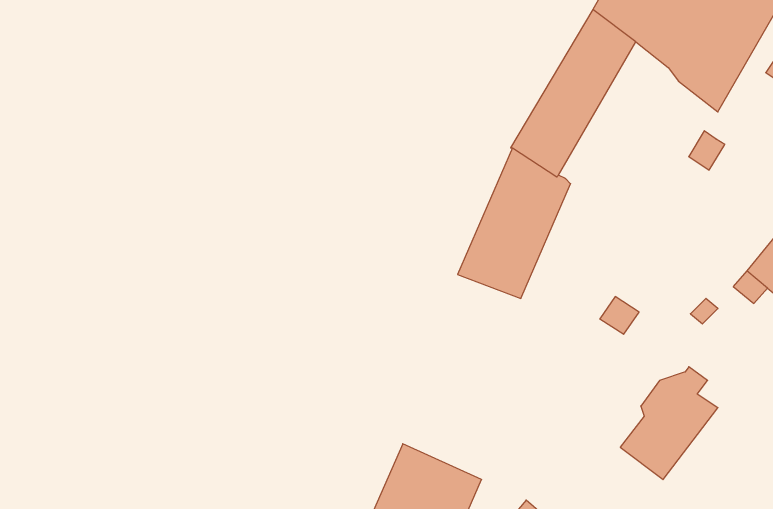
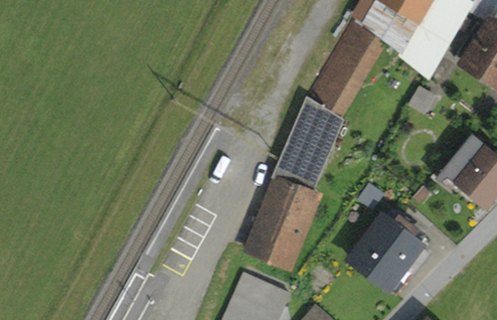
building: none -> [244,178,316,269]
building: none -> [351,211,411,275]

